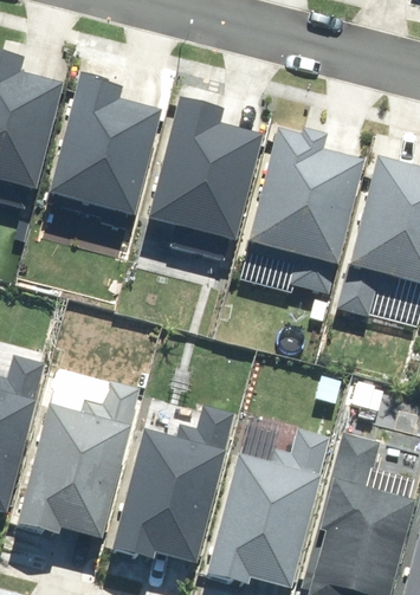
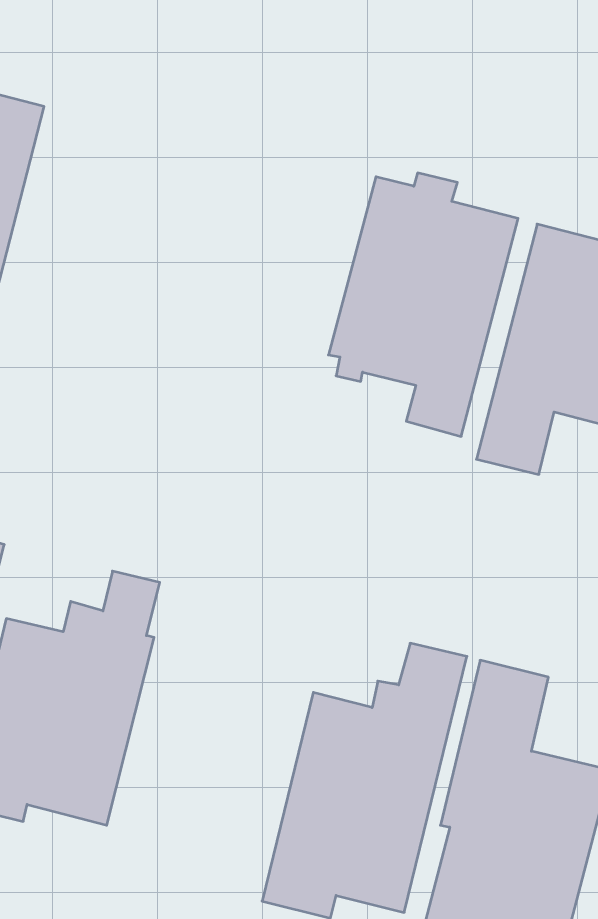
building: [46,69,167,221] -> none
building: [147,95,267,258] -> none
building: [111,397,239,565] -> none

